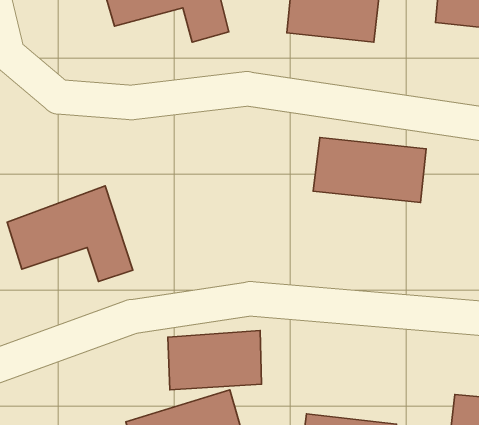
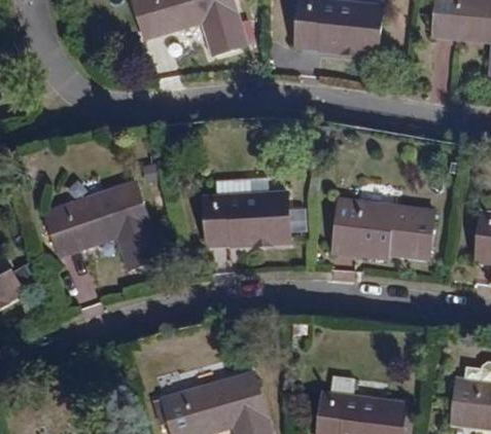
building: [313,138,426,203] -> [334,196,435,255]
building: [168,330,261,390] -> [205,192,289,246]

